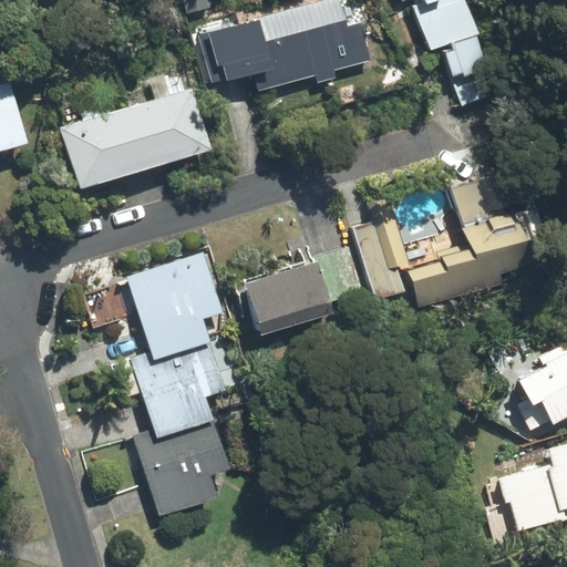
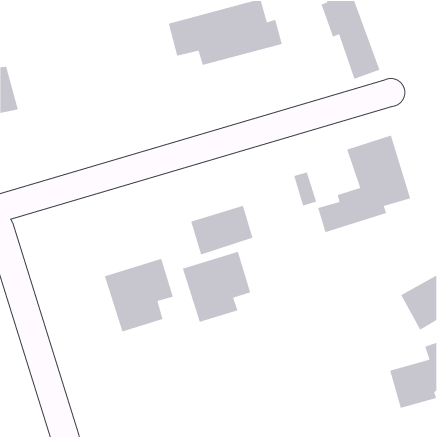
building: [64,91,209,186] -> none
building: [130,256,219,349] -> [182,251,251,323]
building: [137,415,228,511] -> none

